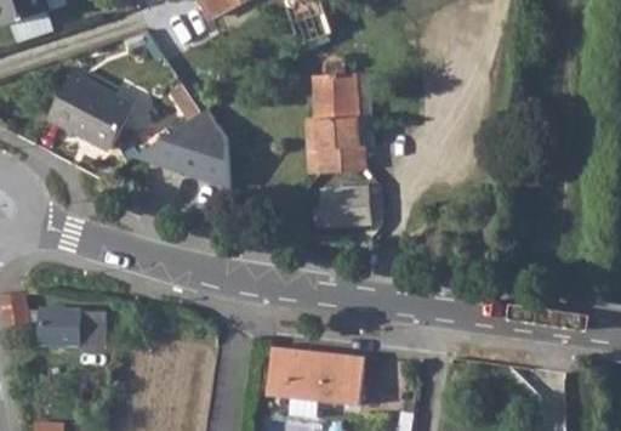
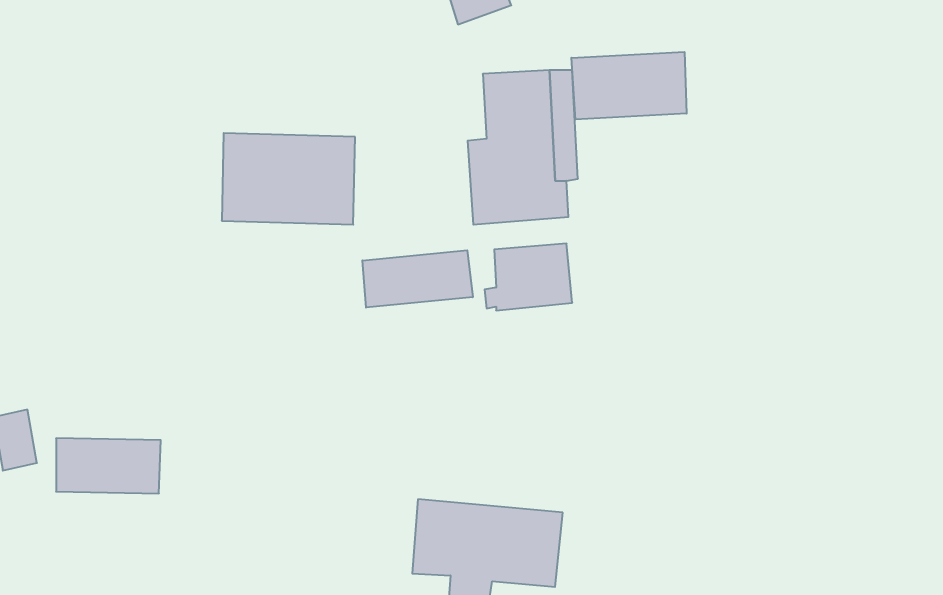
building: none -> [571,52,687,119]
building: [46,69,137,152] -> none
building: none -> [362,250,473,308]

